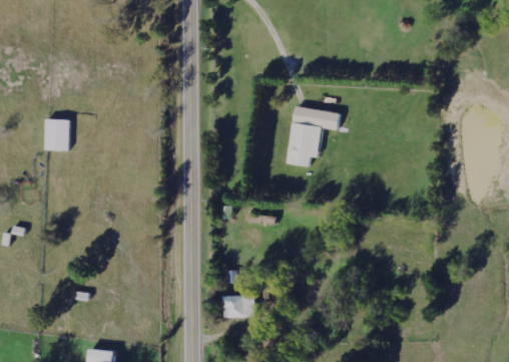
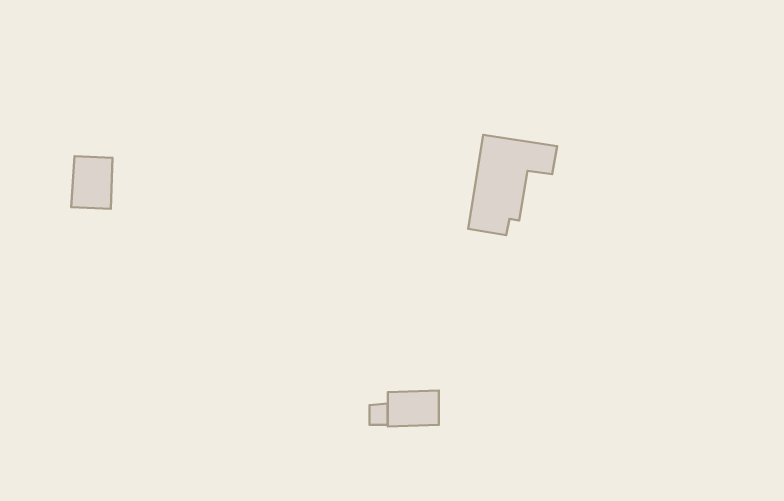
building: [222,296,253,318] -> [388,390,439,427]

